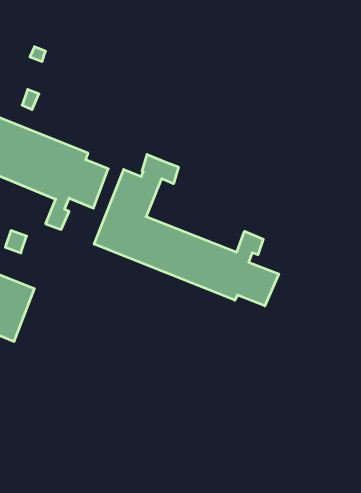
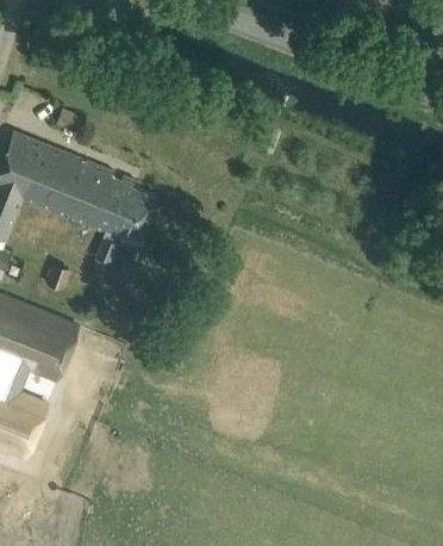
building: [94,154,279,306] -> none

